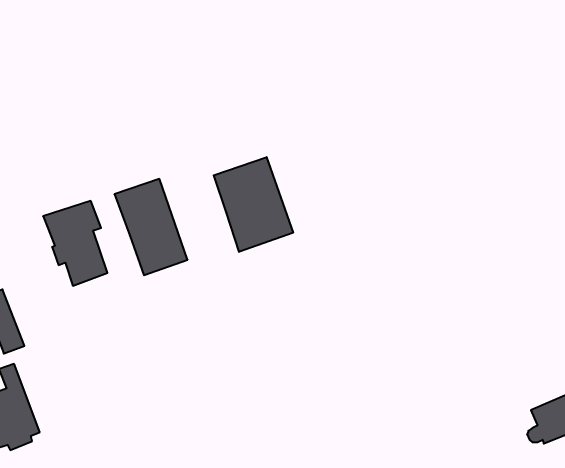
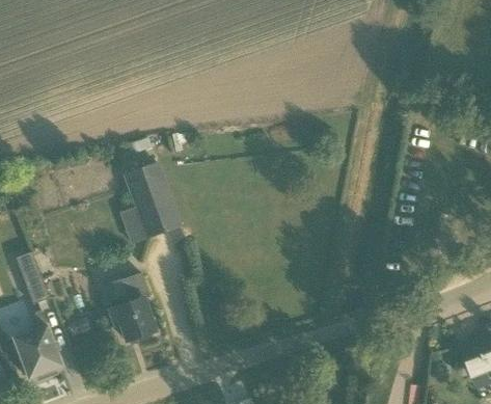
building: [214,157,293,252] -> none
building: [43,201,107,286] -> [103,274,155,343]

